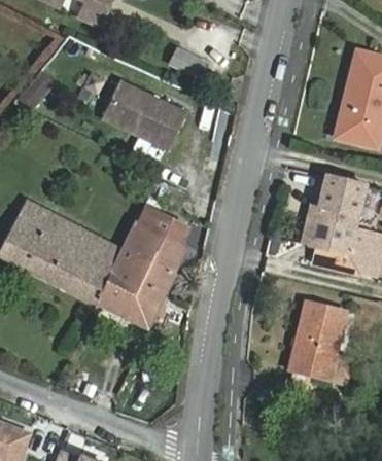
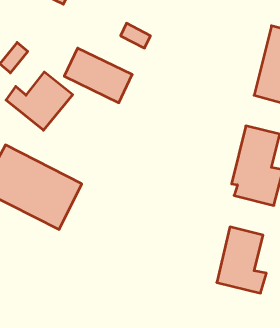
building: none -> [6,72,73,130]
building: [94,206,189,331] -> none

